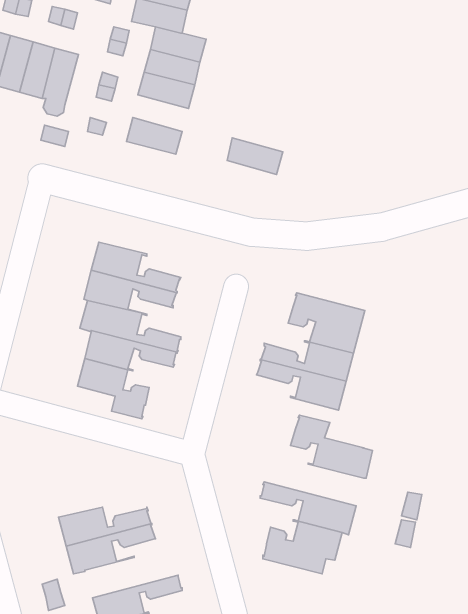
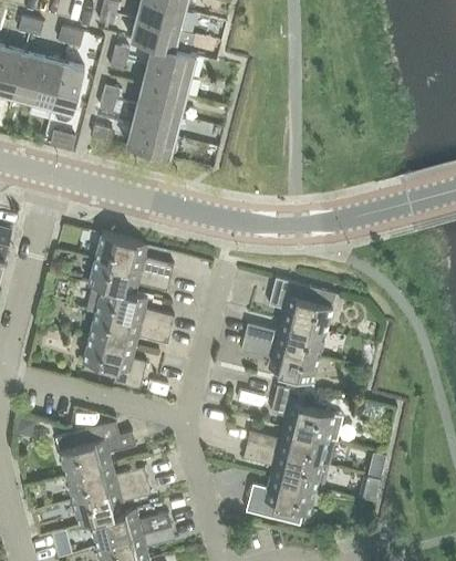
building: [227,138,283,174] -> [132,104,180,136]
building: none -> [55,422,136,475]
building: none -> [247,428,334,465]
building: none -> [90,510,172,546]

